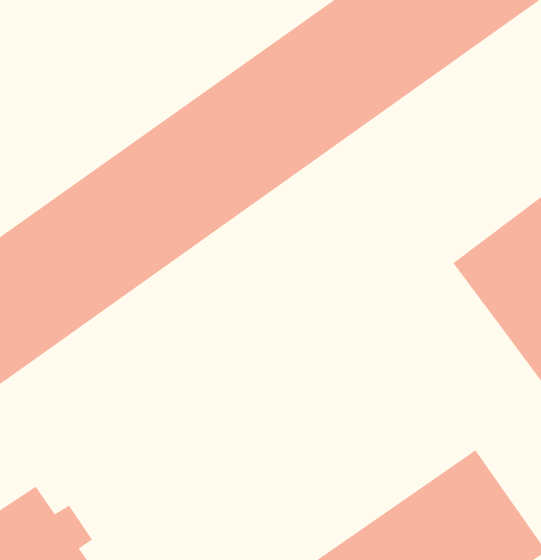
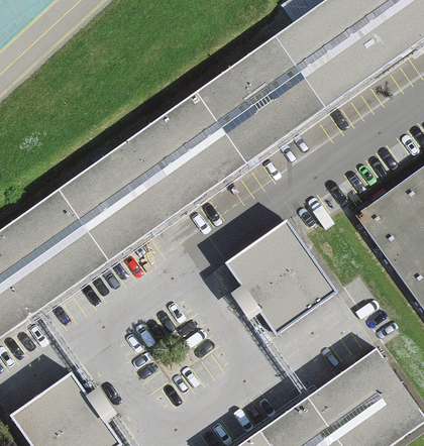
building: none -> [224,220,333,332]

